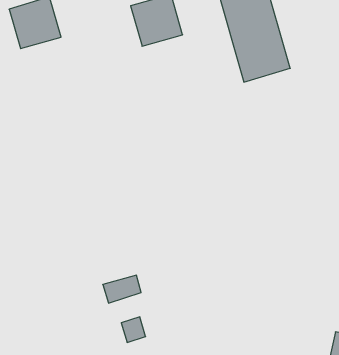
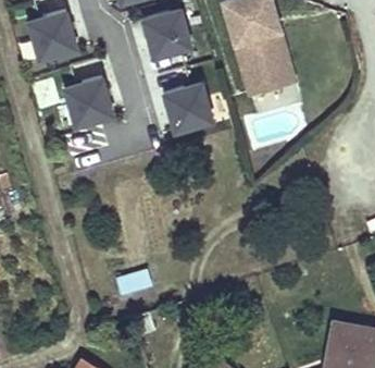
building: none -> [64,79,113,127]
building: none -> [163,85,212,134]

